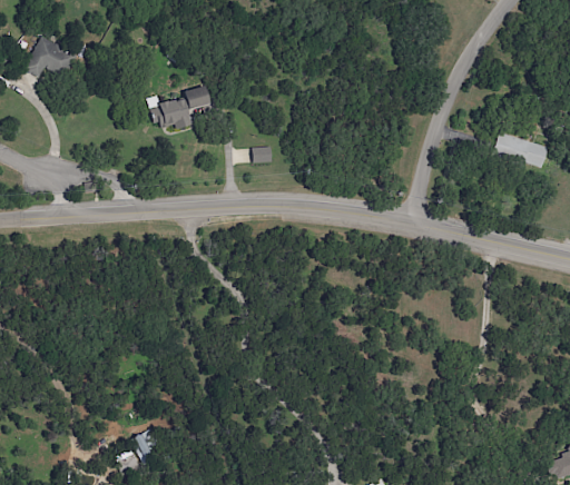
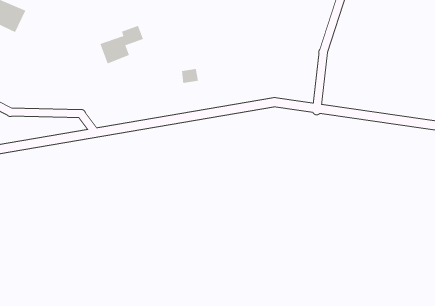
building: [493,132,548,168] -> none

